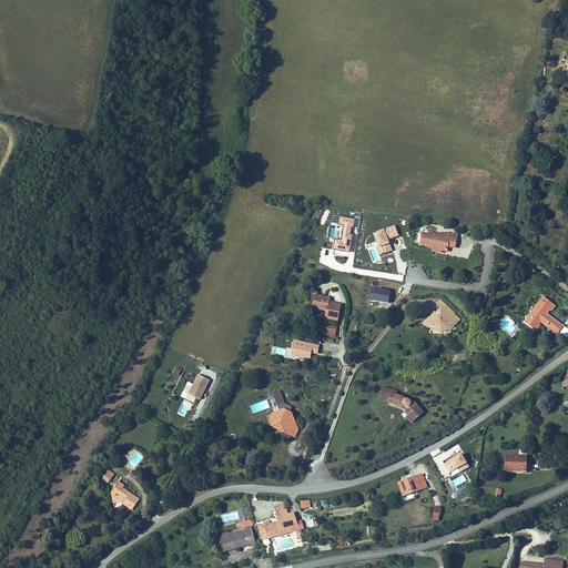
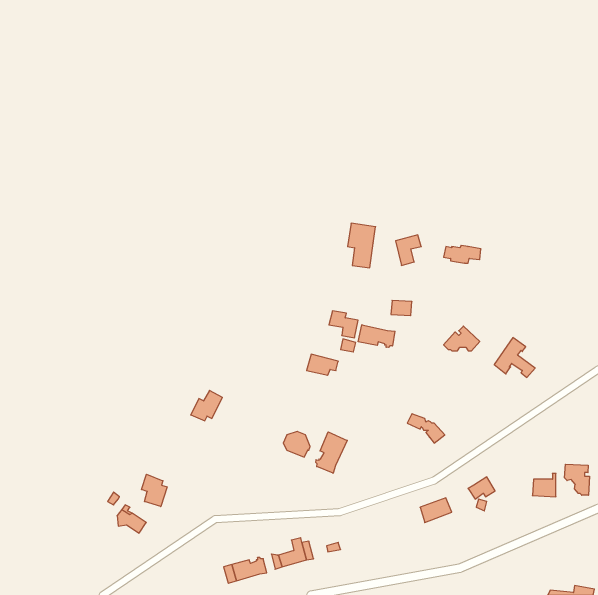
building: [524,297,562,335] -> [494,338,535,377]
building: none -> [358,325,395,347]
building: none -> [316,432,347,473]
building: none -> [565,464,589,495]
building: none -> [142,474,167,507]

